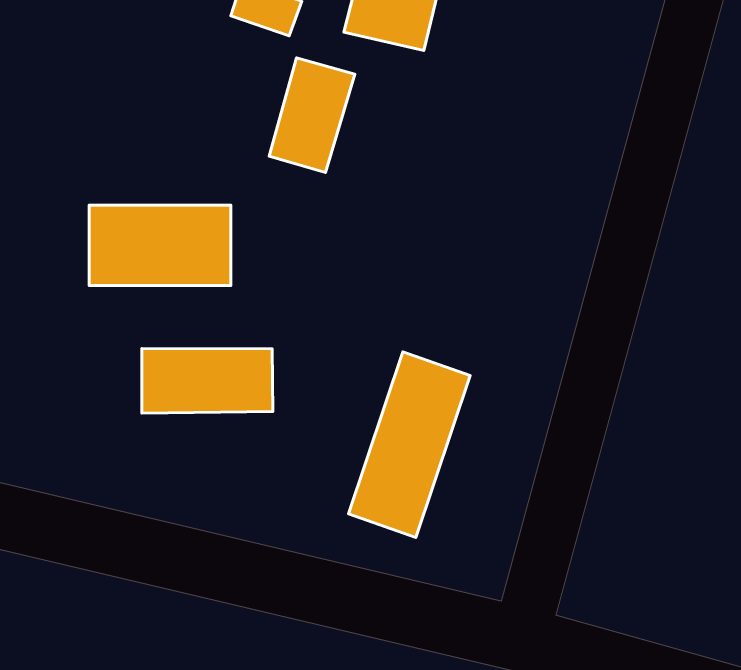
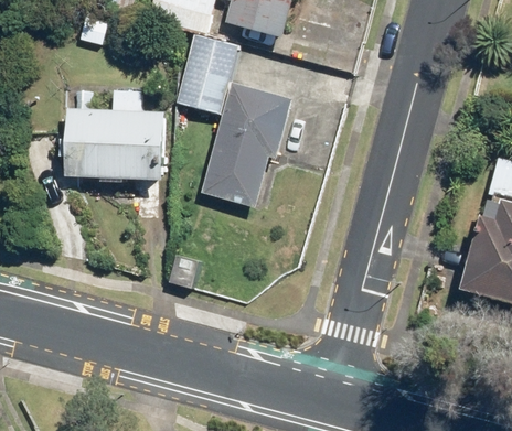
building: [142,348,273,413] -> none
building: [348,352,470,538] -> [207,90,281,203]

